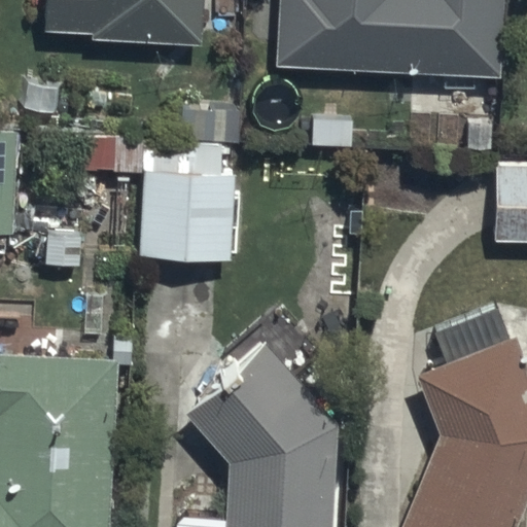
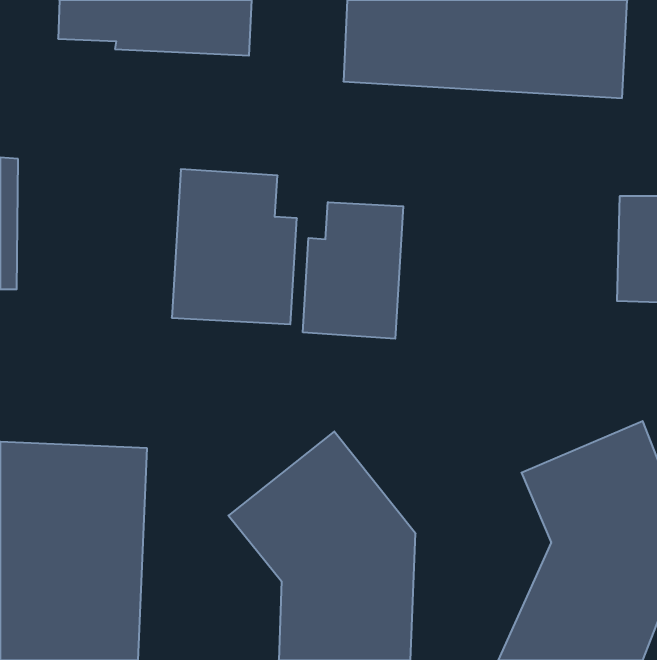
building: none -> [303,202,403,339]

